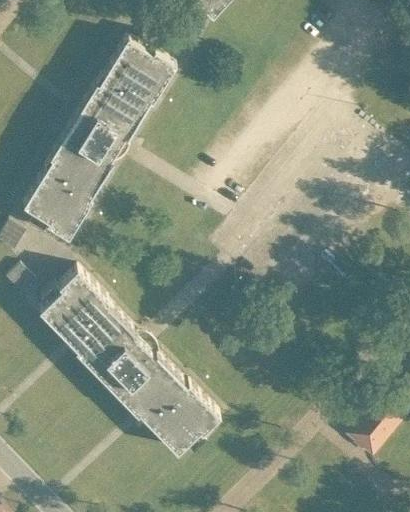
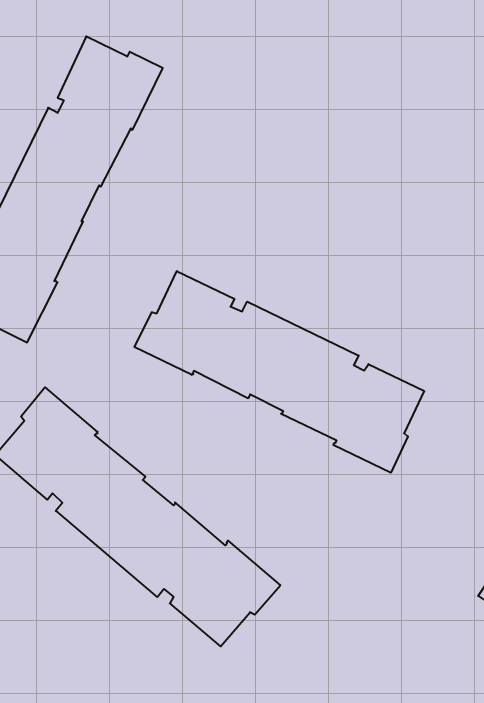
building: none -> [134,271,424,473]

